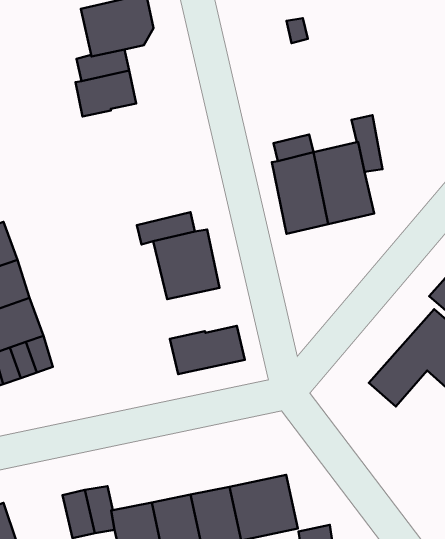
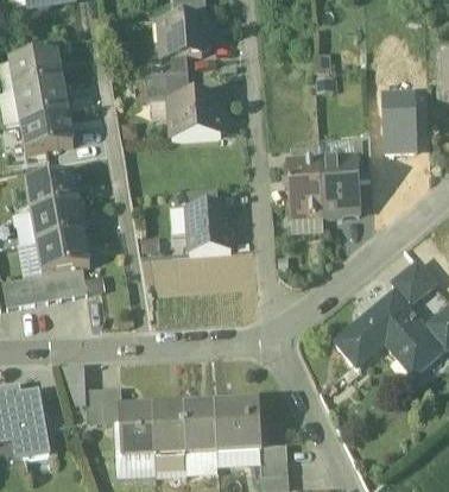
building: none -> [382,92,416,149]
building: none -> [169,95,222,137]
building: [170,326,245,374] -> none

